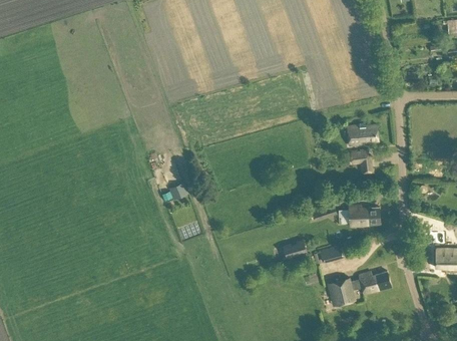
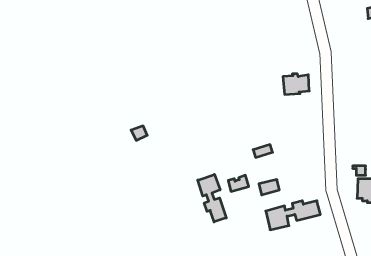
building: [350,149,374,176] -> none
building: [347,205,379,226] -> none
building: none -> [198,174,226,222]

